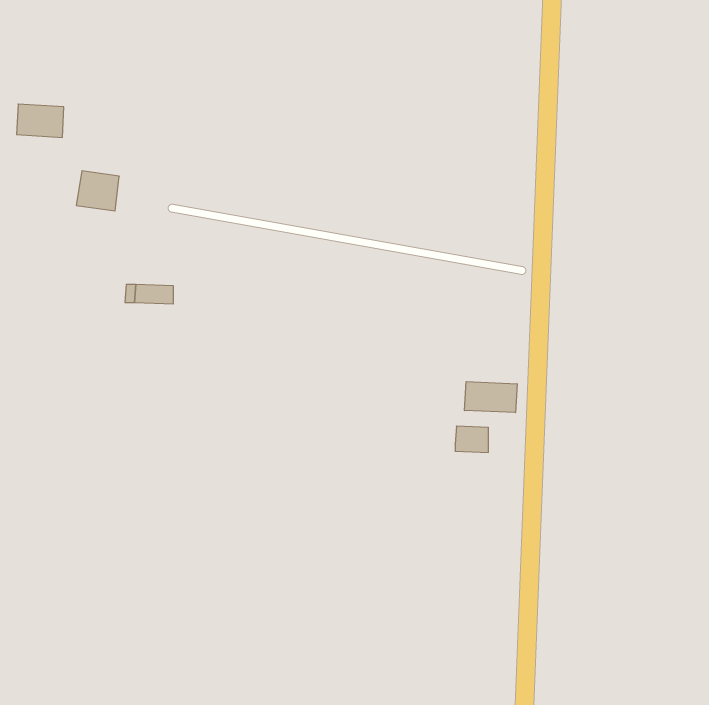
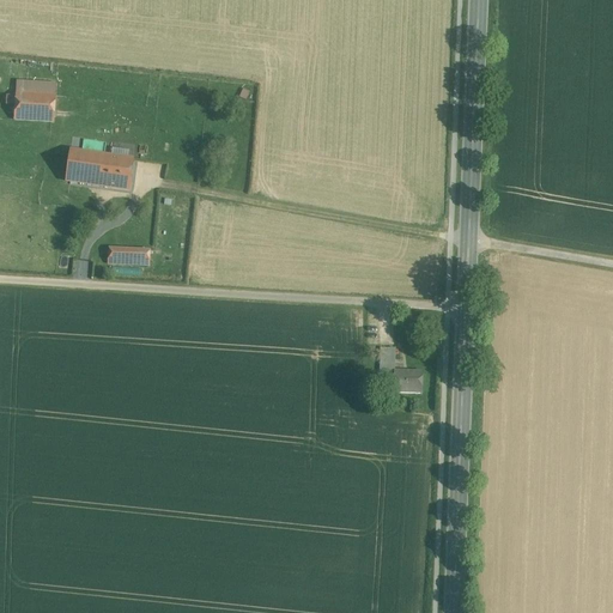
building: none -> [99,152,133,187]
building: [465,382,517,413] -> none

